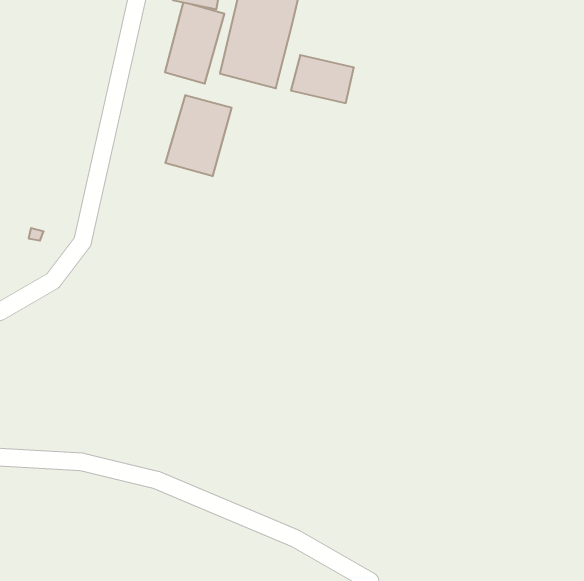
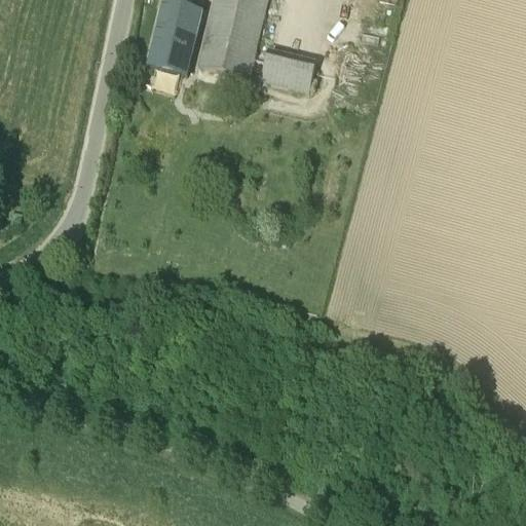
building: [165,95,232,176] -> none

